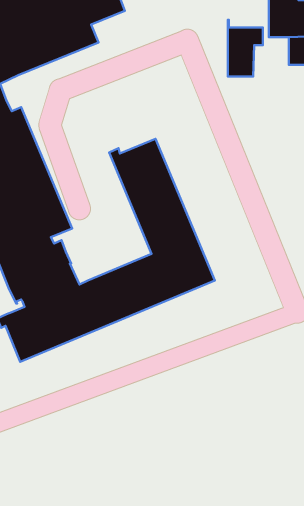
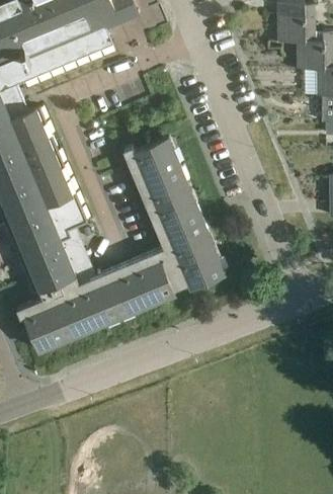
building: [228,20,263,77] -> none

